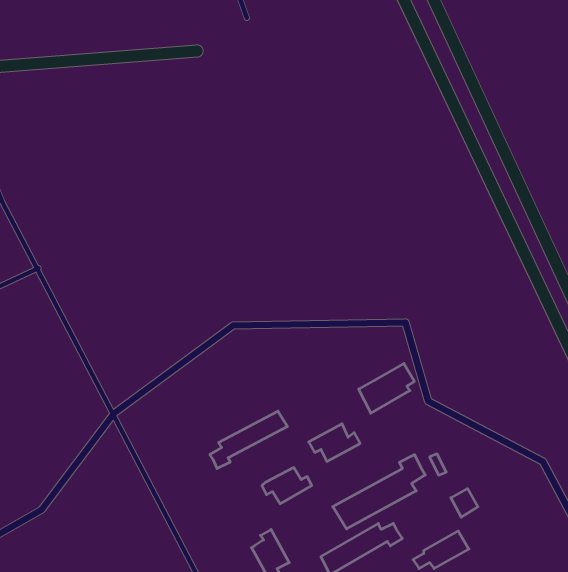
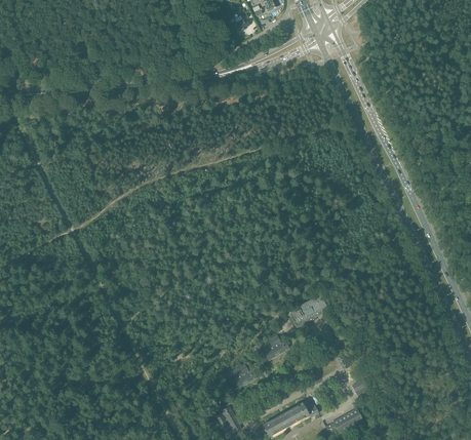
building: [210,411,287,469] -> none
building: [333,455,425,529] -> none

